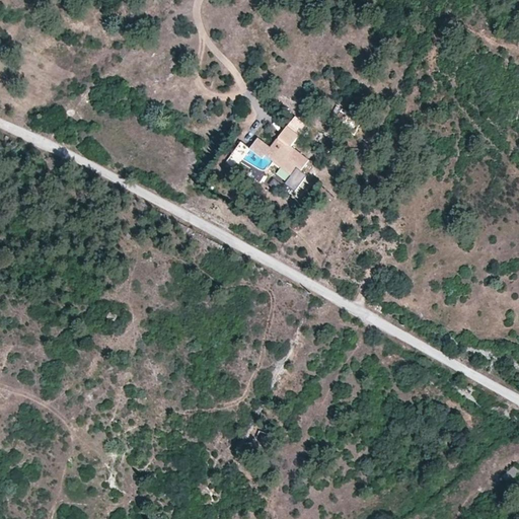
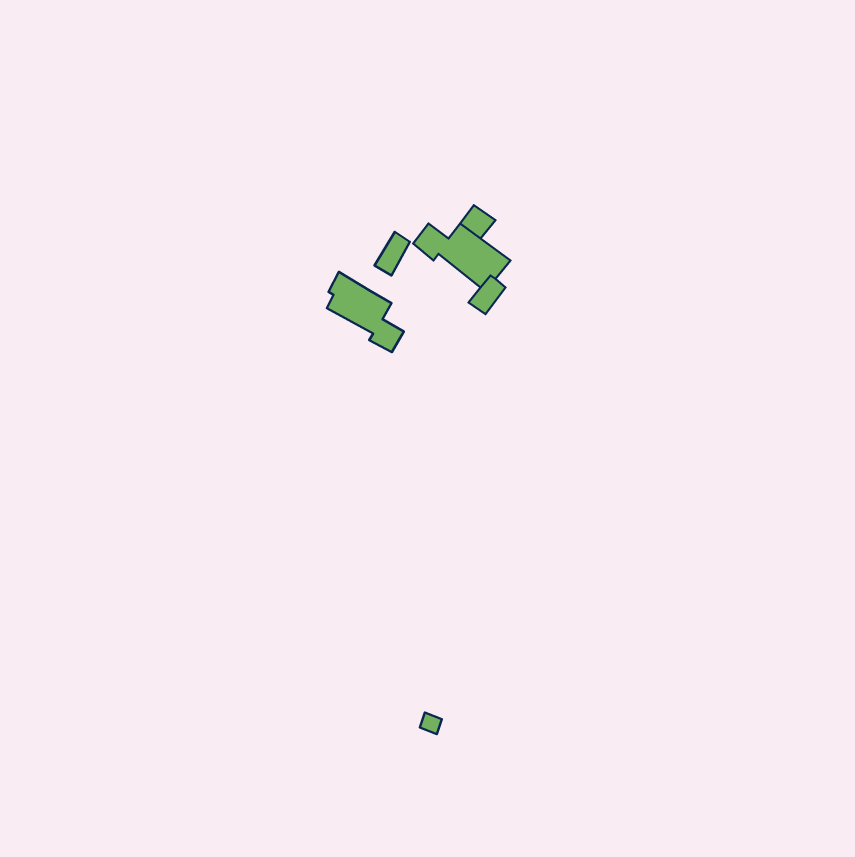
building: none -> [327,272,404,352]

